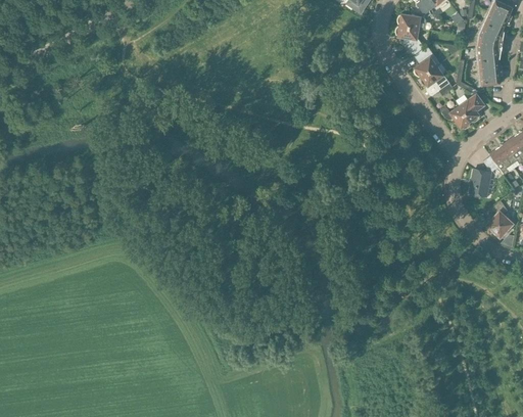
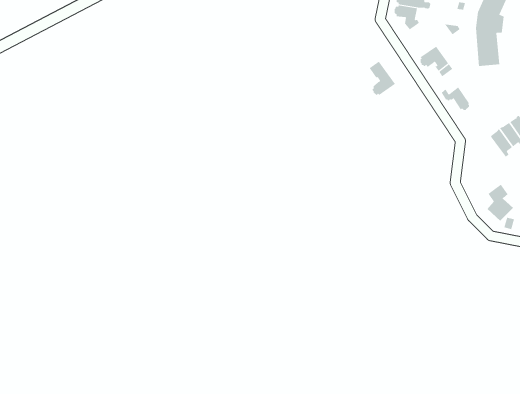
building: [412,42,438,76] -> [369,61,396,95]
building: [460,88,486,122] -> none
building: [470,154,500,195] -> none

